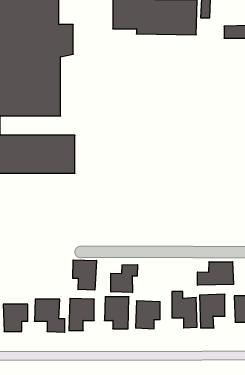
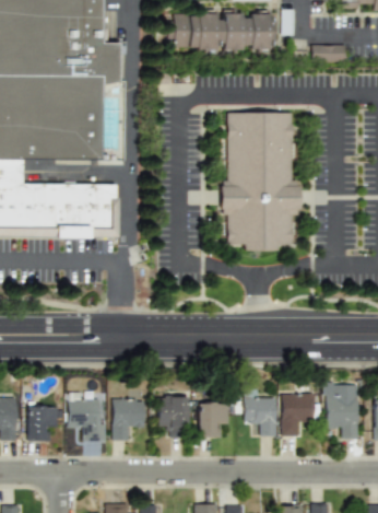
building: none -> [225,115,297,250]
building: [73,260,96,290] -> none
building: [198,262,233,285] -> none
building: [111,265,138,293] -> none

